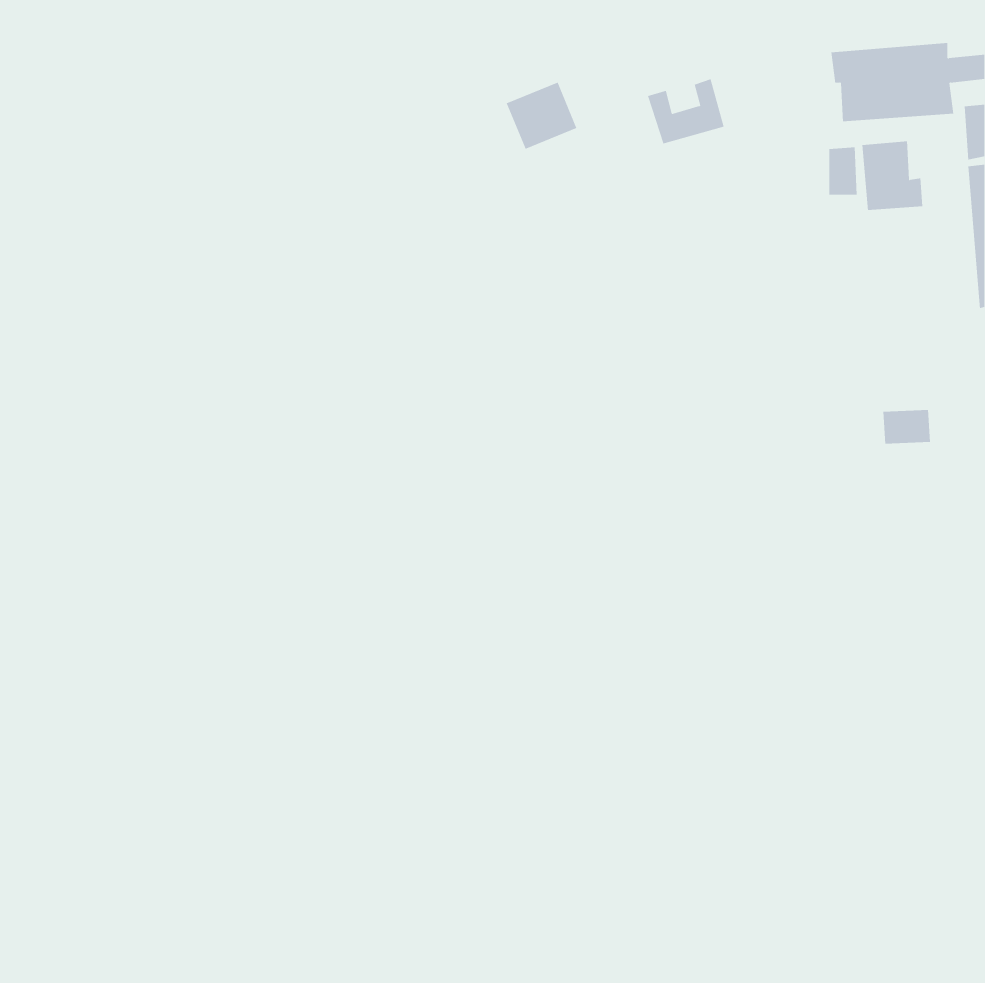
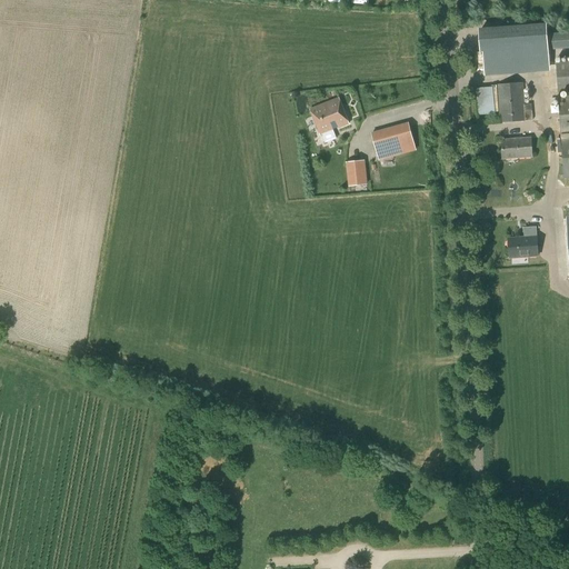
building: [647,79,725,144] -> [370,121,415,159]
building: [506,82,577,150] -> [308,96,349,134]
building: none -> [500,137,531,157]
building: none -> [345,158,366,184]

